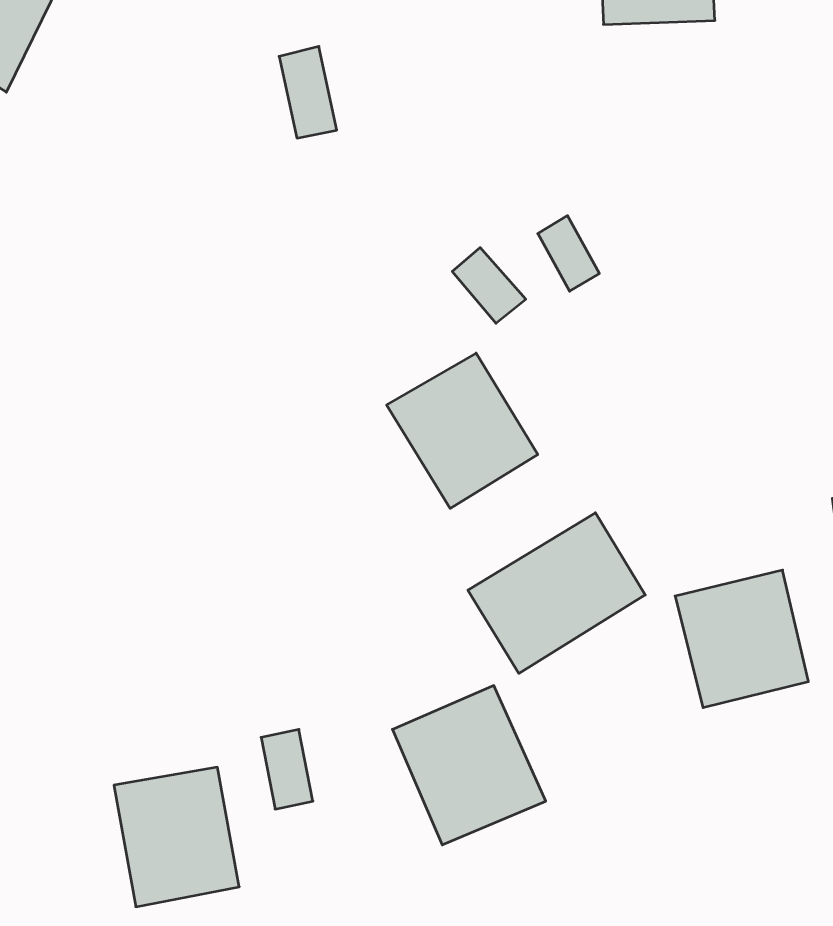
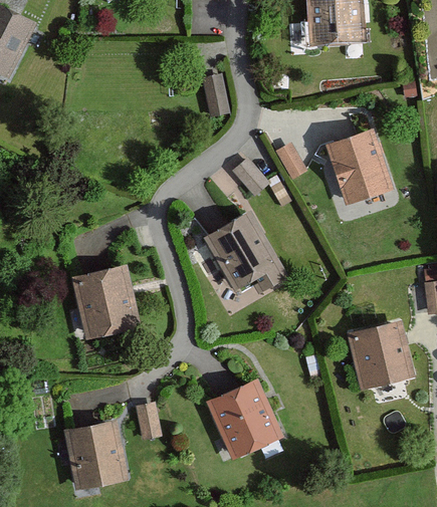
building: [279,46,337,138] -> [203,71,232,117]
building: none -> [325,128,392,203]
building: none -> [68,263,141,340]
building: [468,513,645,673] -> none

